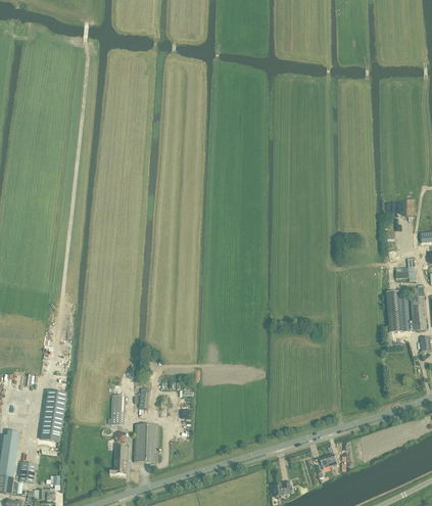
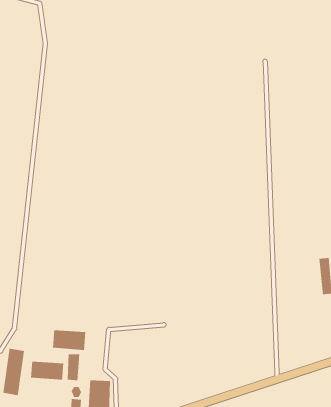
building: none -> [53,330,86,351]
building: none -> [31,361,64,381]

